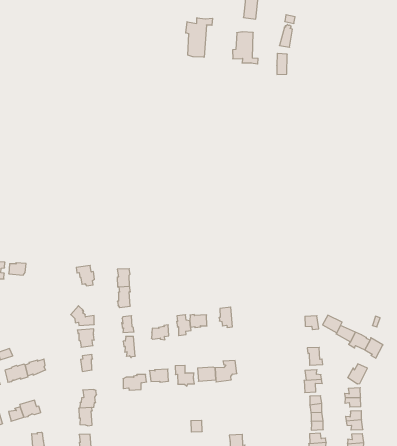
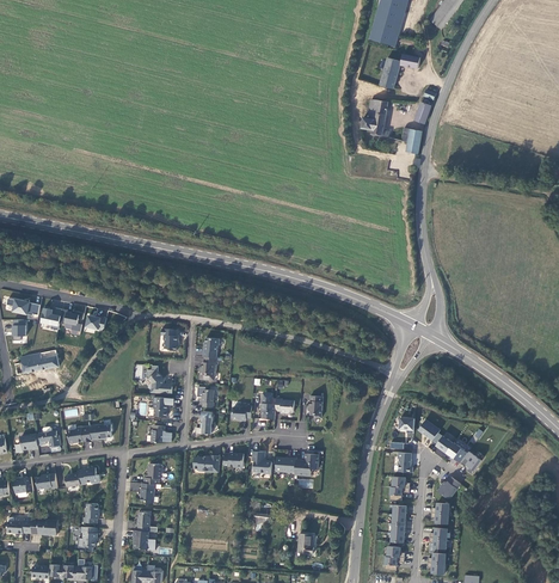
building: [186,18,212,57] -> none

